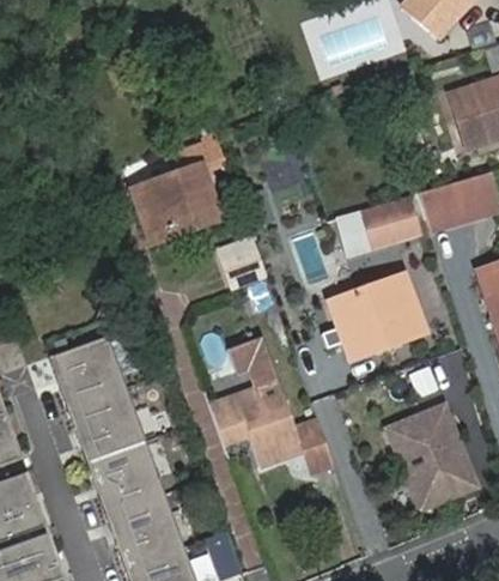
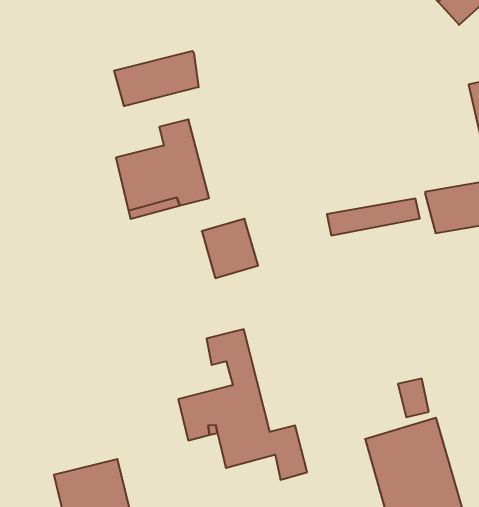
building: none -> [114,51,199,106]
building: [328,276,422,358] -> none
building: [51,337,157,489] -> none

